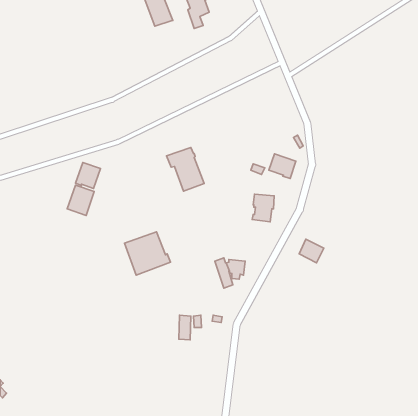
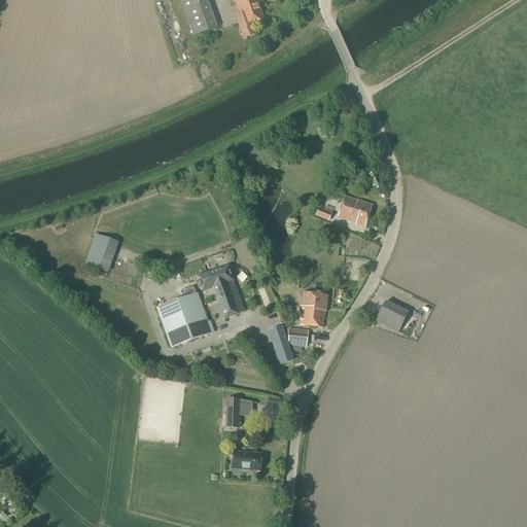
building: [166,148,204,191] -> [198,265,245,319]
building: [76,163,100,189] -> none
building: [252,194,274,222] -> [301,291,328,326]
building: none -> [233,450,262,469]

